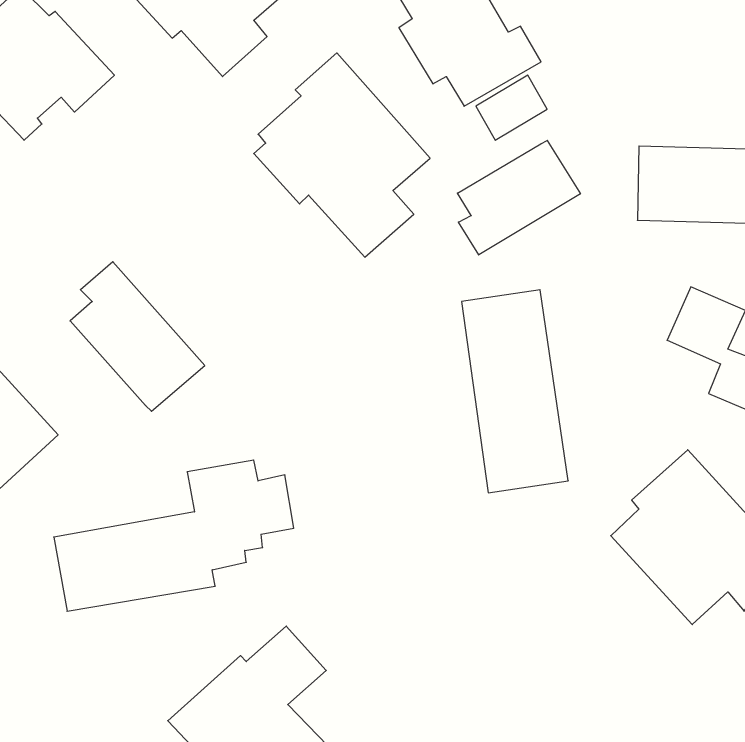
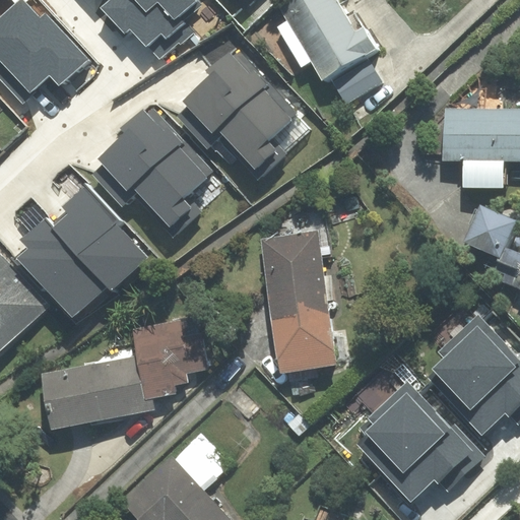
building: [457,140,580,255] -> none
building: none -> [92,108,213,239]
building: [462,290,568,493] -> [262,232,335,371]
building: none -> [18,218,106,317]
building: none -> [356,382,482,501]

